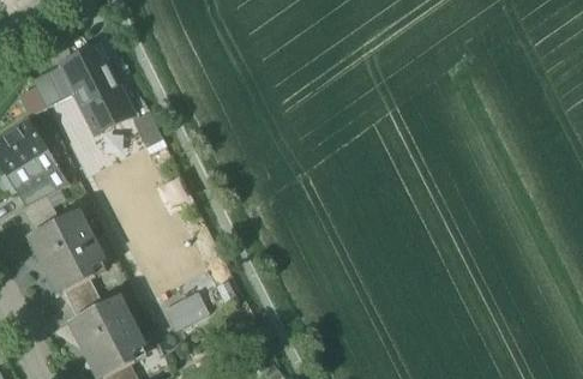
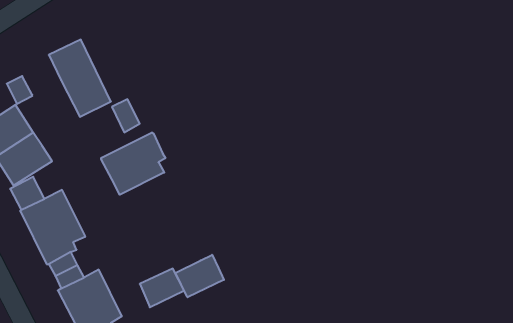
building: [32,64,77,107] -> none
building: none -> [101,132,165,195]
building: none -> [175,255,224,297]

